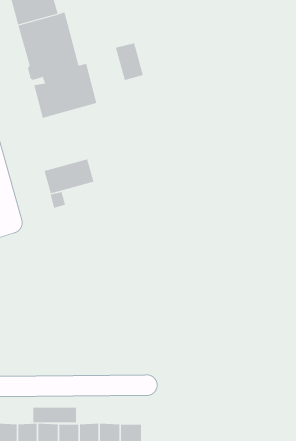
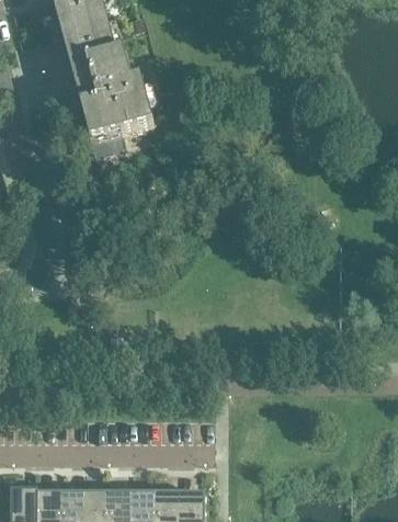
building: [115,43,144,81] -> none
building: [44,158,94,194] -> none
building: [33,407,76,423] -> none

